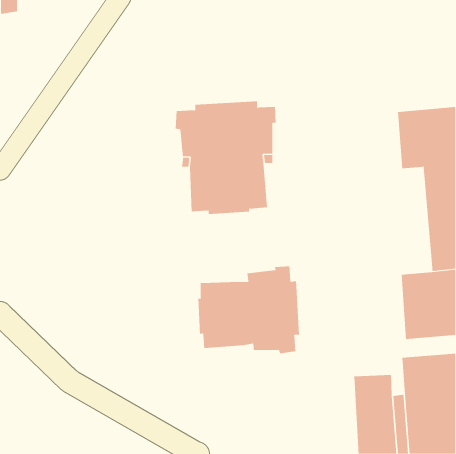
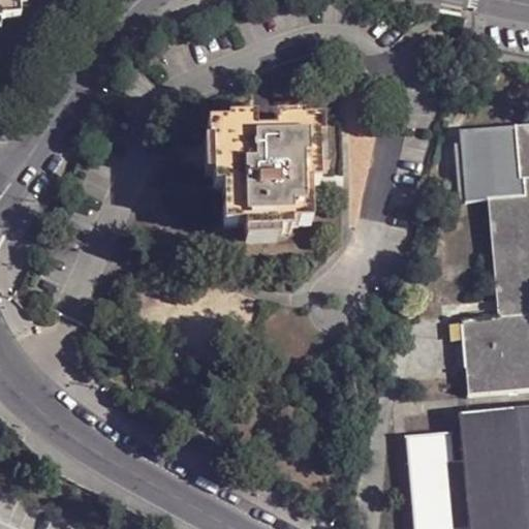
building: [198,266,300,354] -> none

